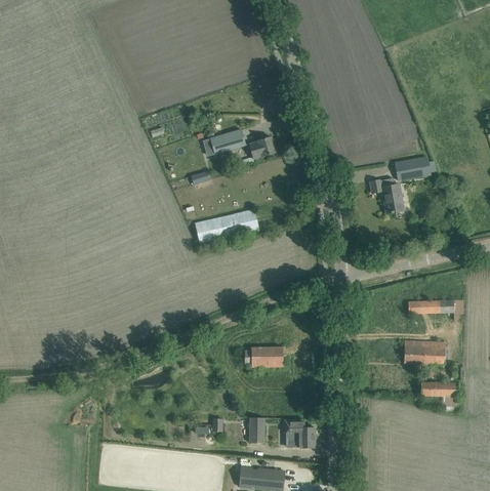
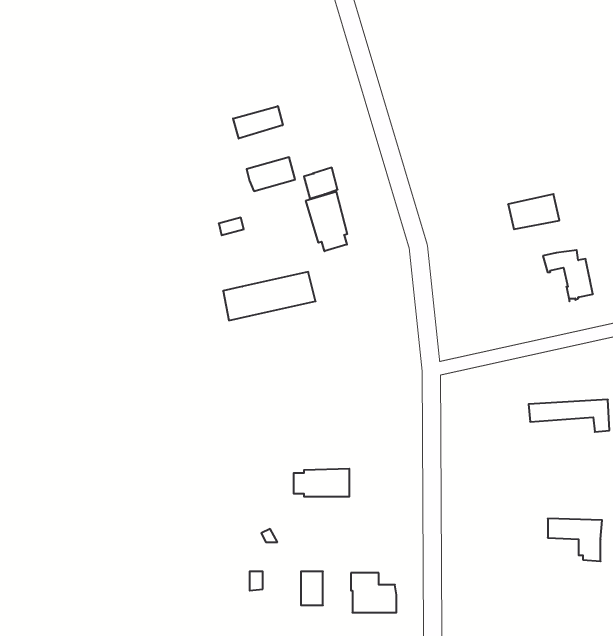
building: none -> [233,106,283,139]
building: none -> [306,191,347,251]
building: [368,177,403,213] -> [543,250,593,301]
building: [403,340,445,364] -> none

